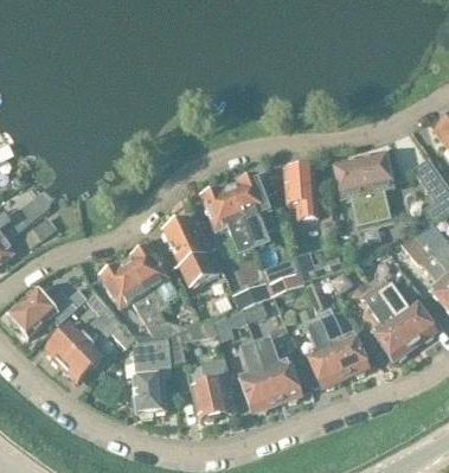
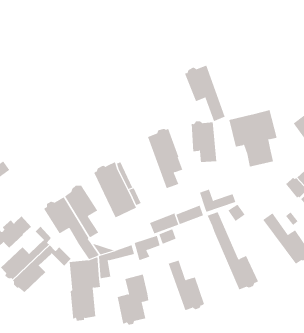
building: [201,185,254,256] -> [184,65,226,122]
building: [360,285,416,360] -> none
building: [299,303,345,388] -> none
building: [239,344,277,413] -> none

